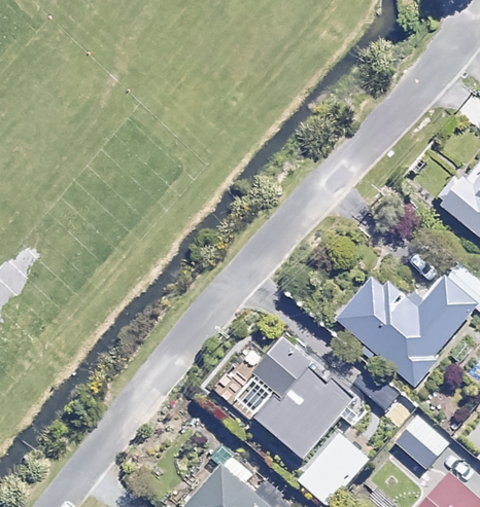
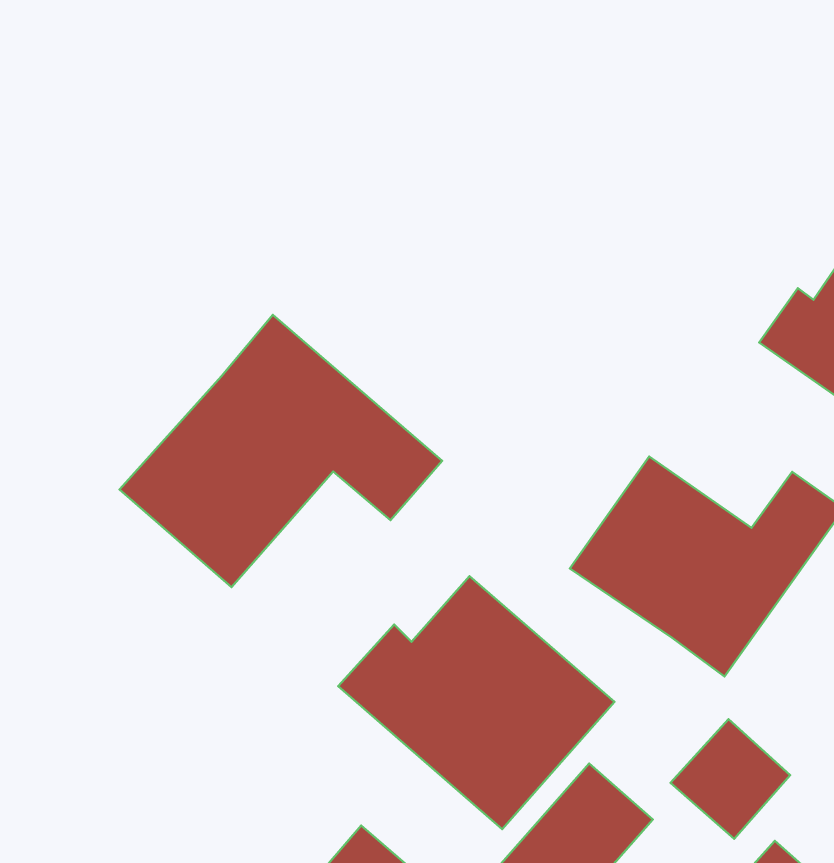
building: none -> [119,315,442,587]

